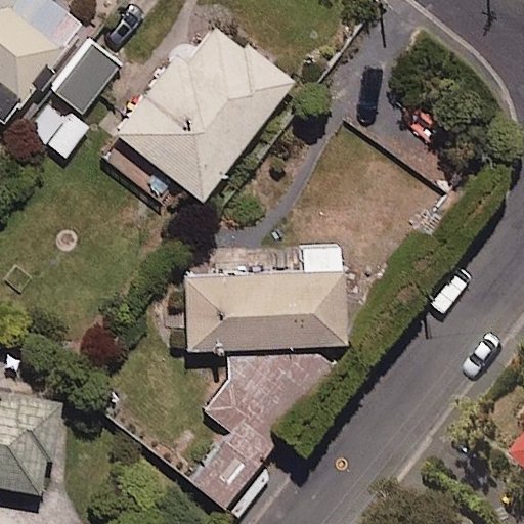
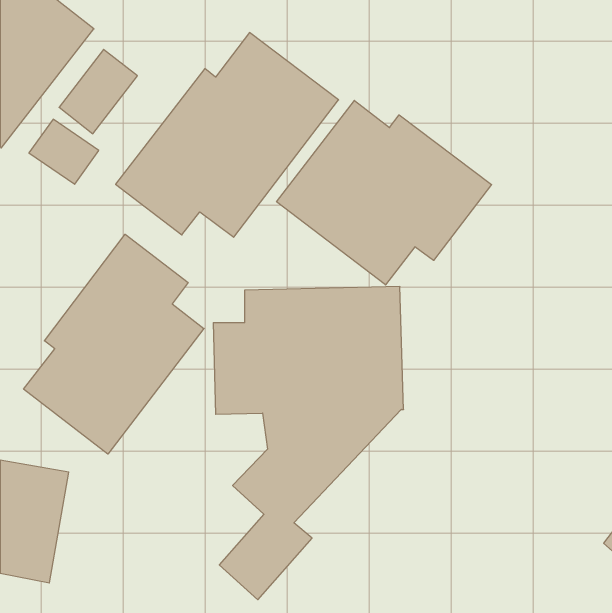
building: none -> [277,100,492,285]
building: none -> [24,234,204,454]

